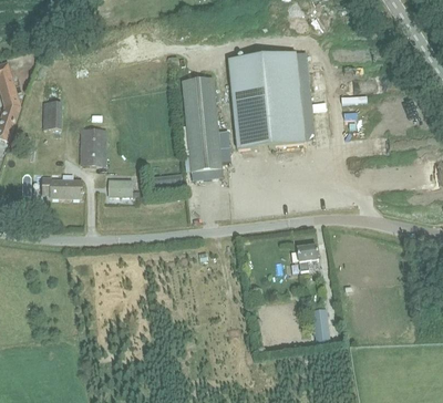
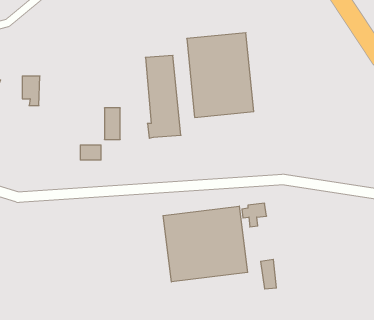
building: [87,128,105,164] -> [104,108,120,139]
building: [43,176,83,196] -> none
building: none -> [163,206,248,282]

